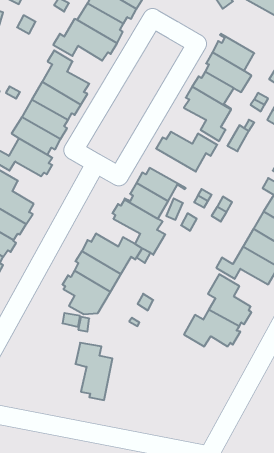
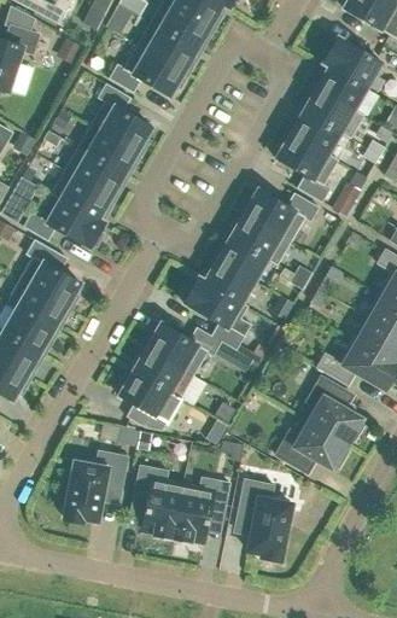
building: none -> [325,37,383,87]
building: none -> [232,211,292,263]
building: none -> [65,450,129,520]
building: none -> [173,477,230,543]
building: none -> [239,478,293,559]

